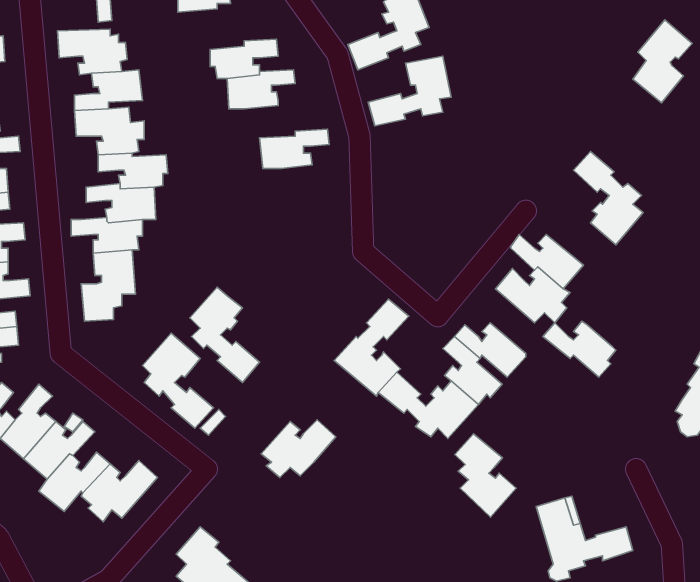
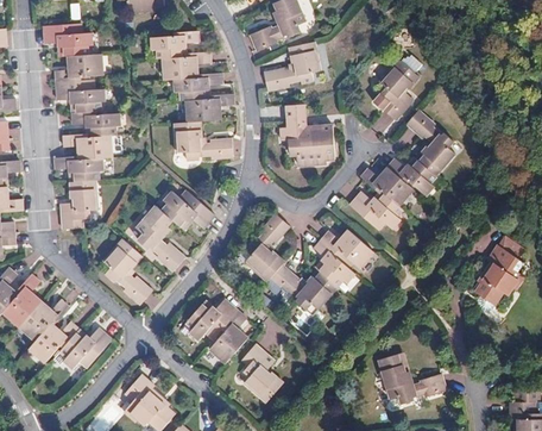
building: [633,20,692,103] -> [373,62,415,120]
building: none -> [174,73,221,101]
building: none -> [284,105,334,164]
building: none -> [172,121,232,160]
building: none -> [162,190,214,230]
building: [543,321,616,377] -> [385,157,436,196]
building: [455,434,516,517] -> [241,343,284,401]
building: none -> [209,310,248,362]

